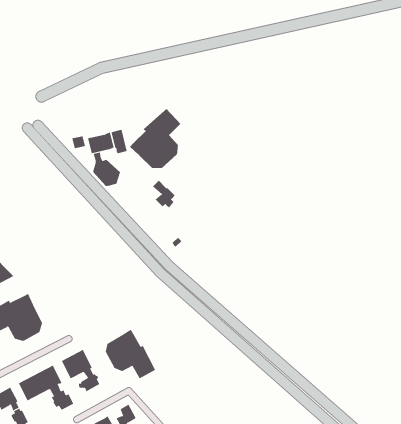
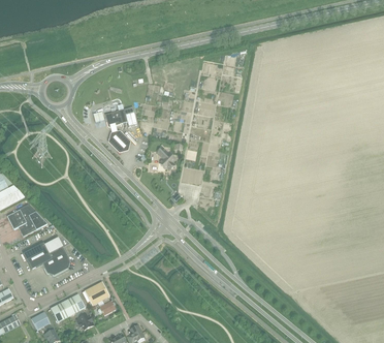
building: [129,108,181,169] -> none
building: [105,329,156,379] -> none

